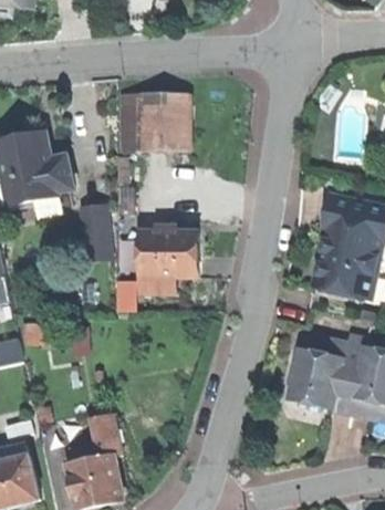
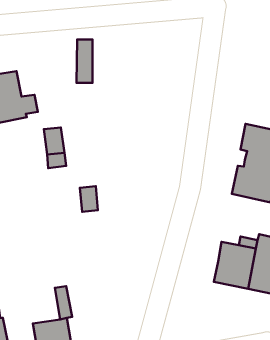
building: [141,90,181,147] -> none
building: [141,230,195,273] -> none

